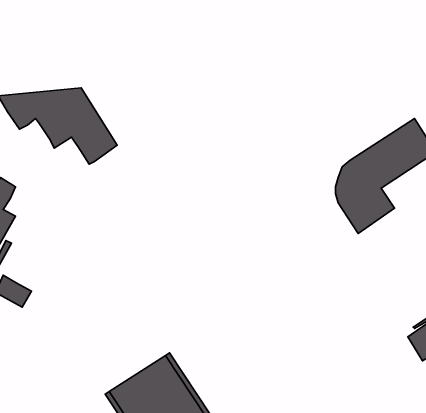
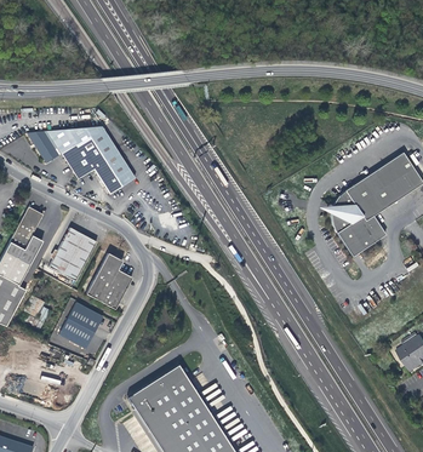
building: none -> [47,227,96,280]
building: none -> [86,253,130,308]
building: none -> [58,302,102,348]

